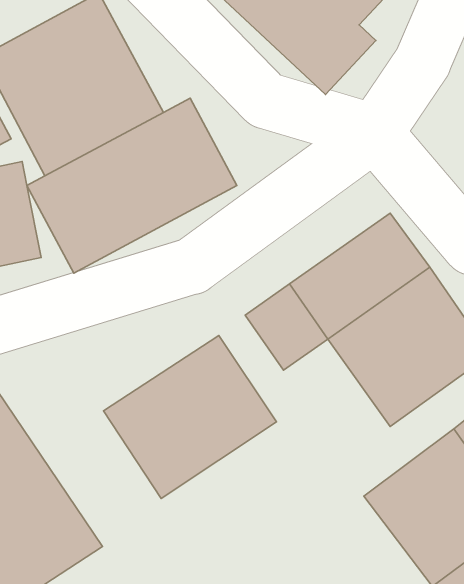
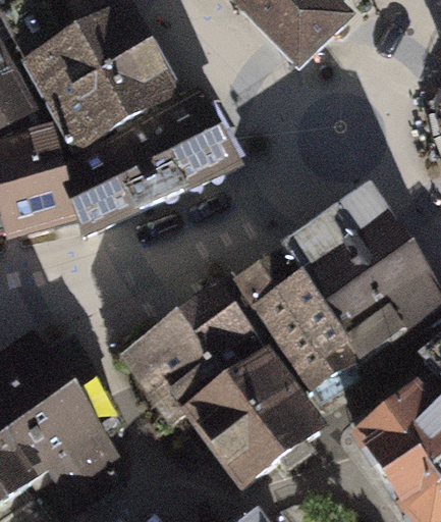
building: none -> [280,296,371,397]
building: none -> [192,366,327,500]

